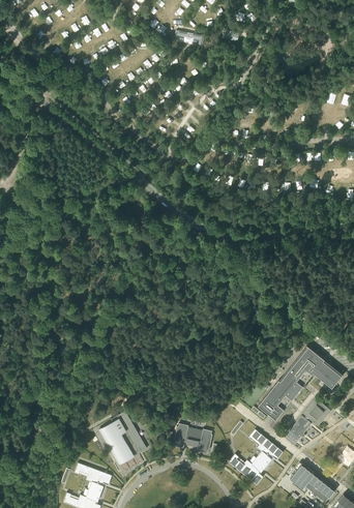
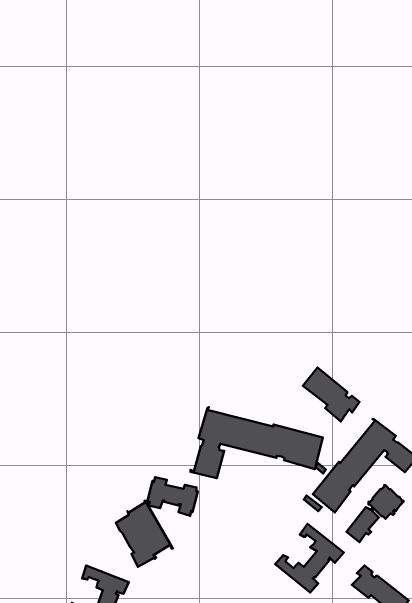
building: none -> [303,367,359,422]
building: none -> [190,407,323,478]
building: [172,423,212,454] -> [147,477,198,516]

